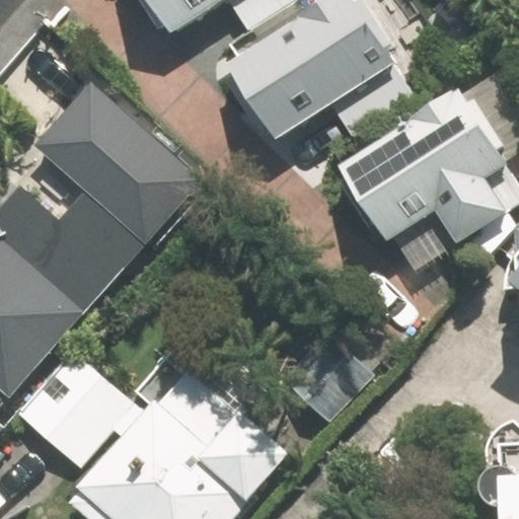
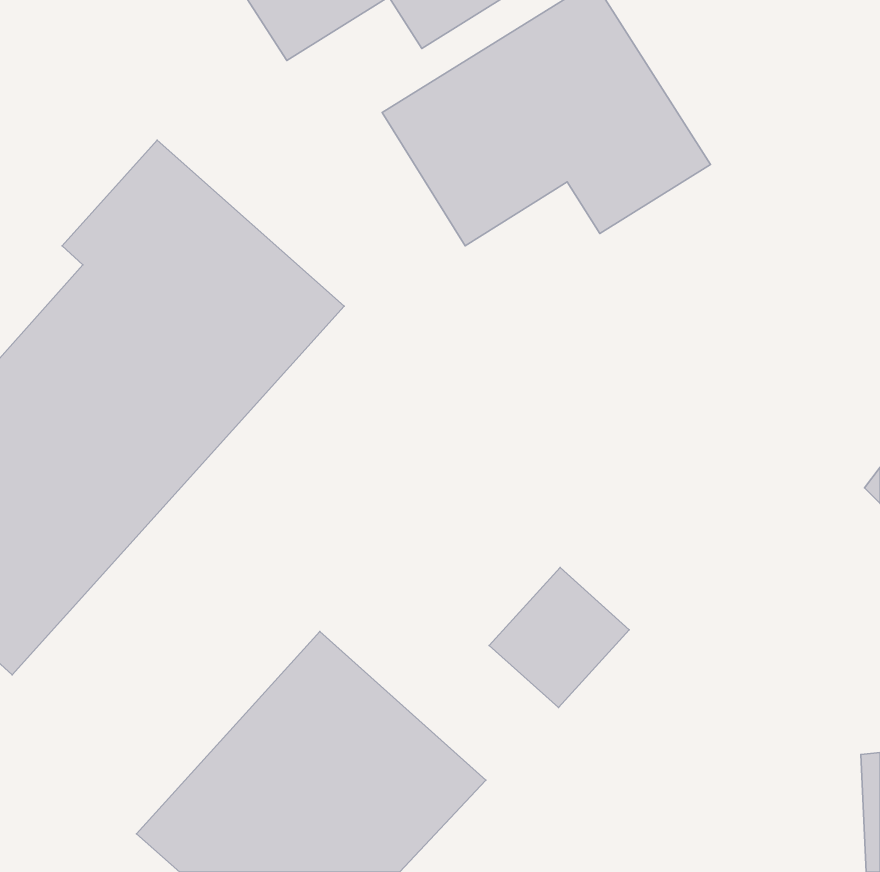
building: [333,92,507,247] -> none
building: [19,343,138,462] -> none

